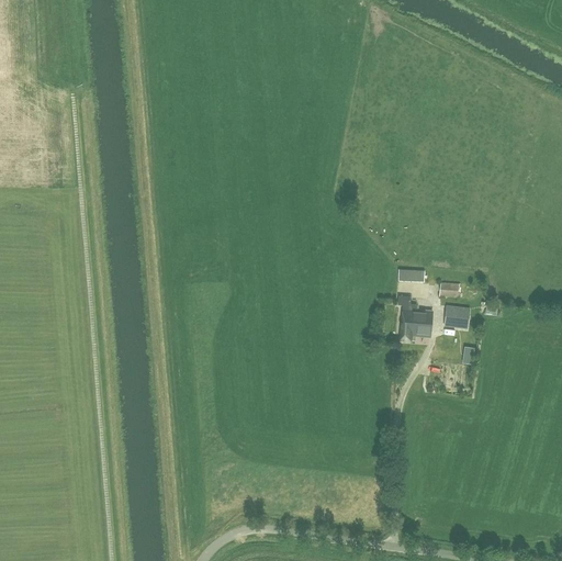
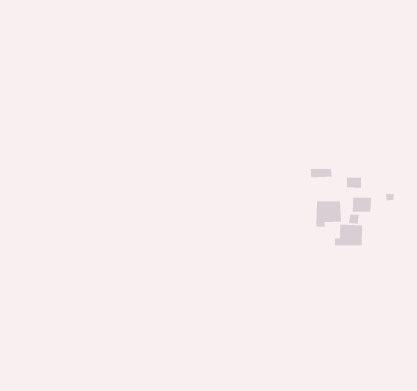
building: none -> [334,224,362,246]

